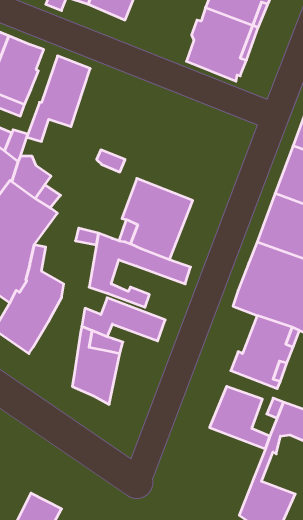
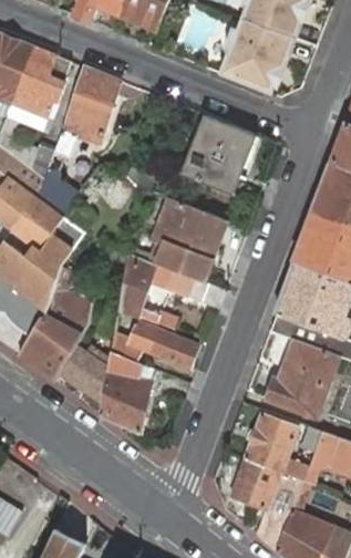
building: none -> [179,114,255,195]
building: none -> [59,345,109,402]
building: none -> [230,457,302,549]

